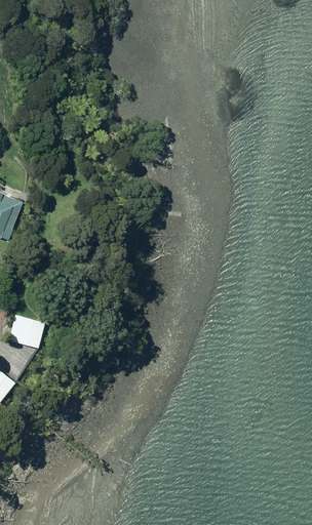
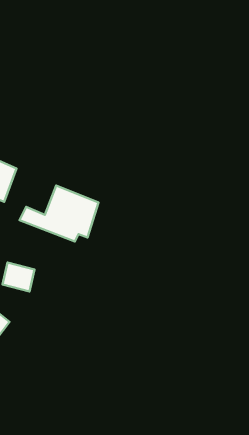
building: none -> [20,185,98,242]

